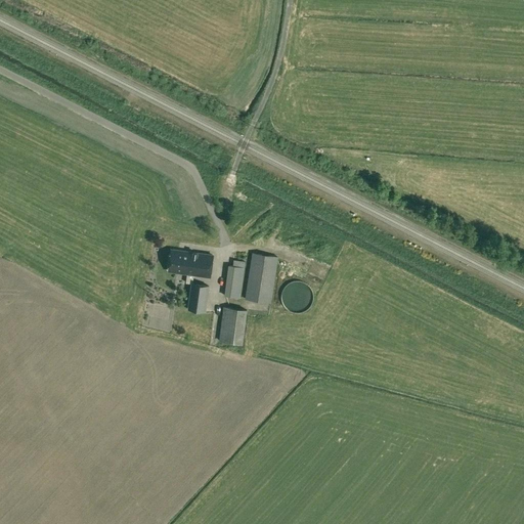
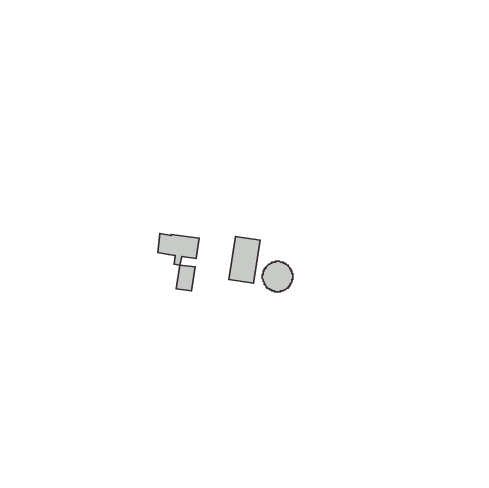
building: [224,266,245,299] -> none
building: [219,307,247,345] -> none

